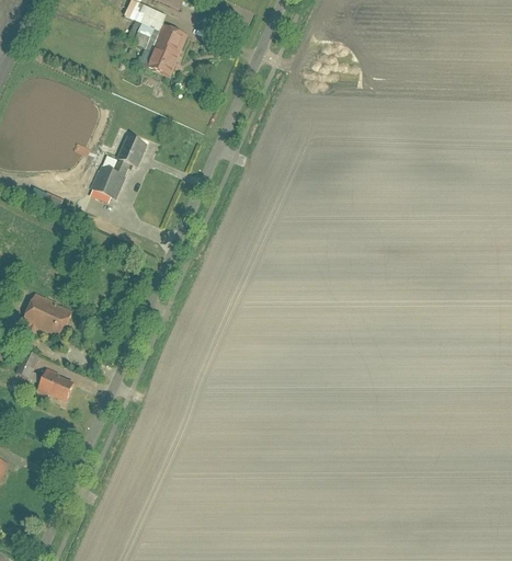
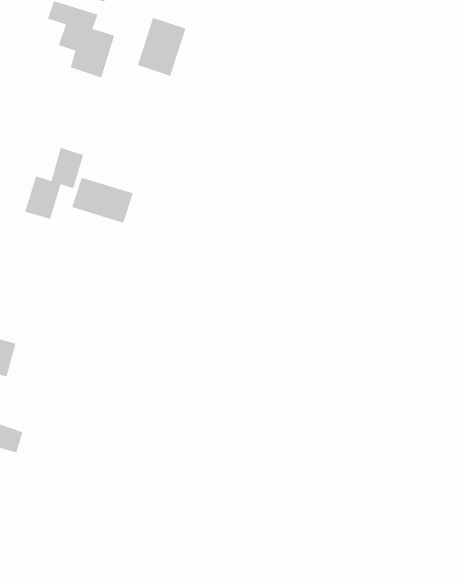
building: none -> [137,17,187,77]
building: none -> [71,177,134,224]

